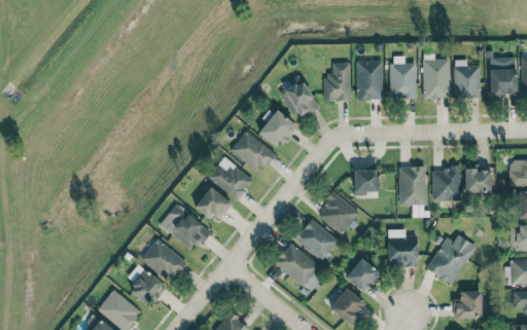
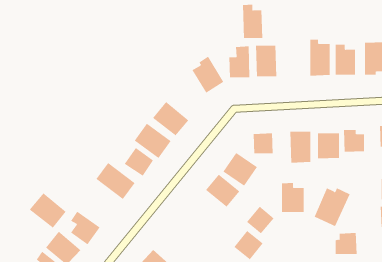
building: [390,56,416,98] -> [242,4,263,38]
building: [258,109,295,148] -> none
building: [140,239,186,283] -> [29,193,67,229]
building: [274,242,321,287] -> none

